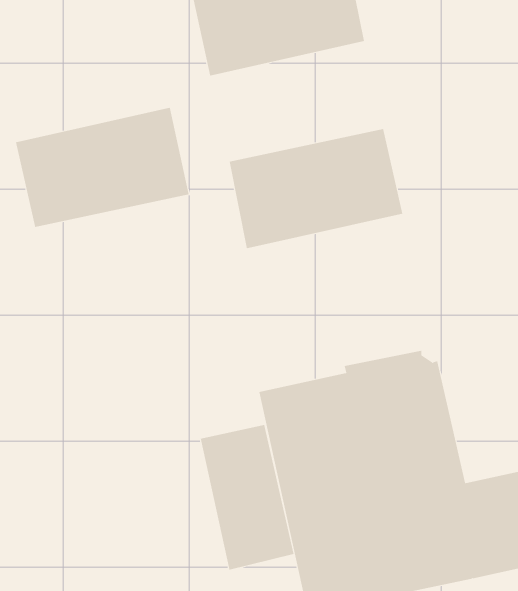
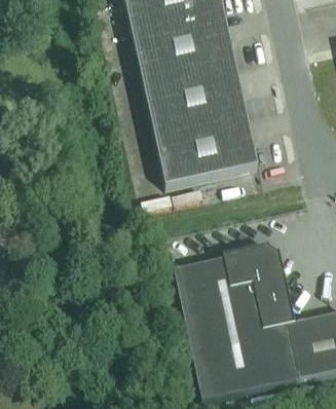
building: [15,107,190,228] -> [144,64,247,135]
building: [200,424,294,571] -> none

